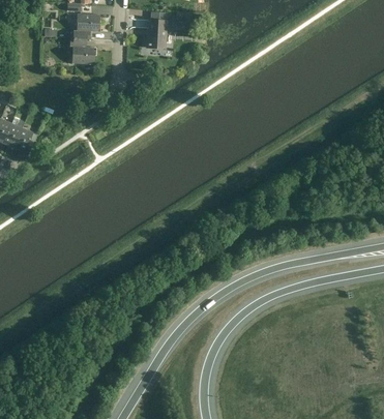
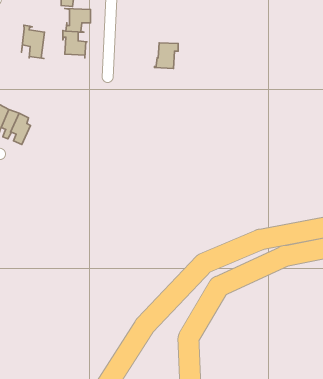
building: [144,19,170,47] -> [154,43,178,68]
building: none -> [21,25,44,59]

